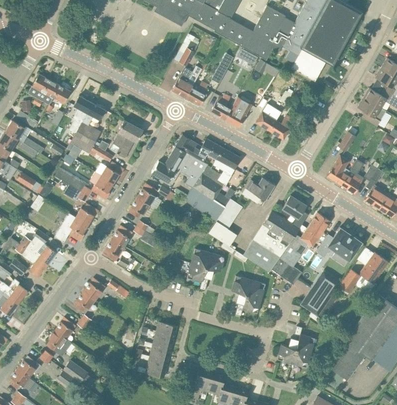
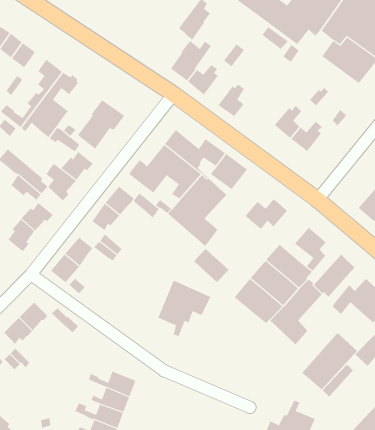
building: [225,97,252,128] -> none
building: [216,199,242,228] -> none
building: [232,275,265,315] -> none

